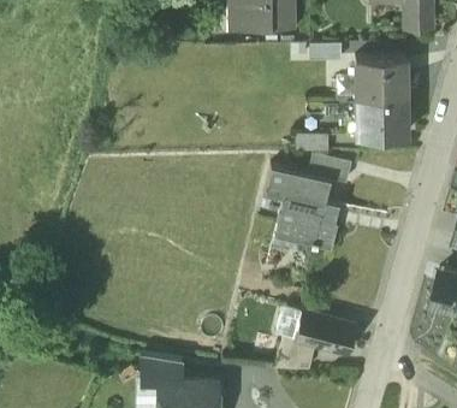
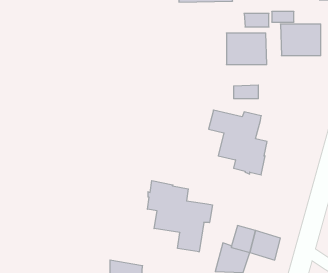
building: [356,97,406,137] -> [226,33,267,65]
building: [309,153,351,184] -> none
building: none -> [147,181,212,252]

